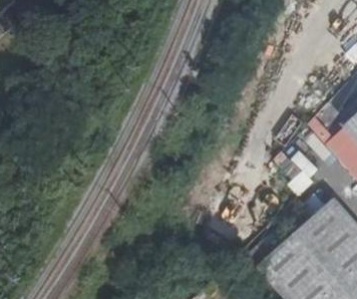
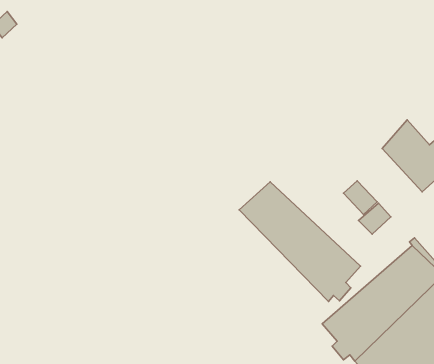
building: none -> [239,182,361,301]

